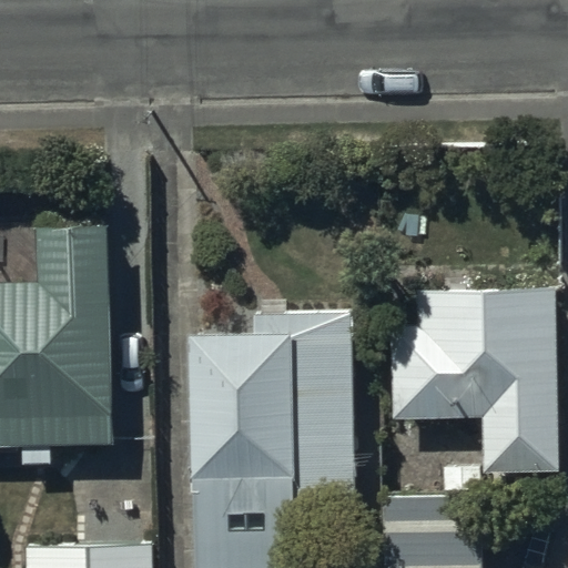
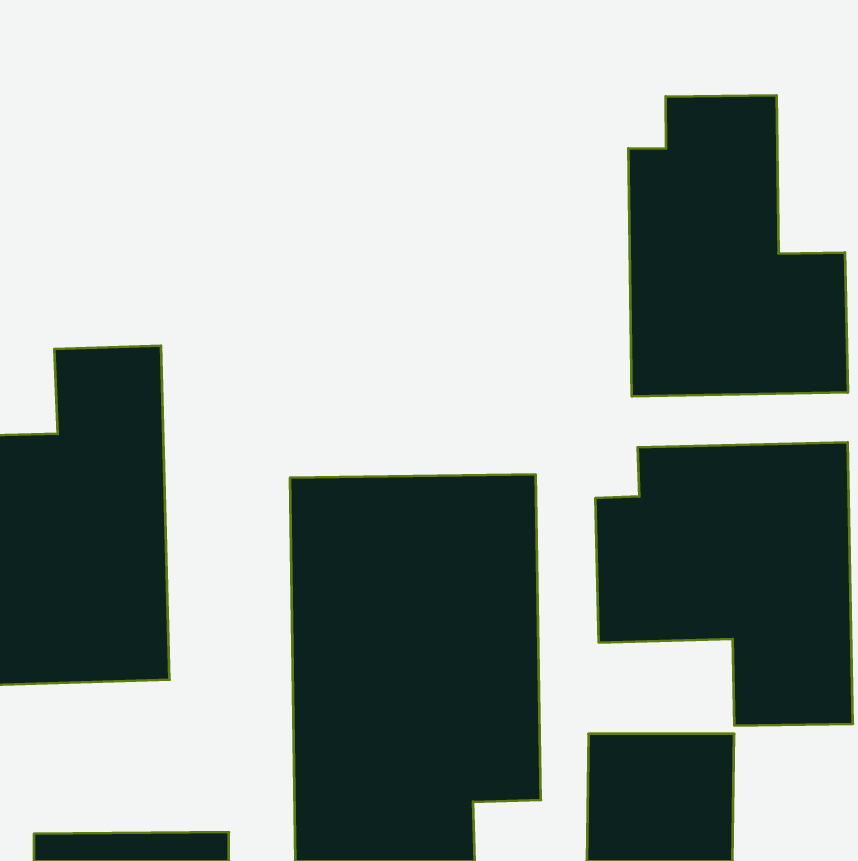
building: none -> [628,95,848,396]

